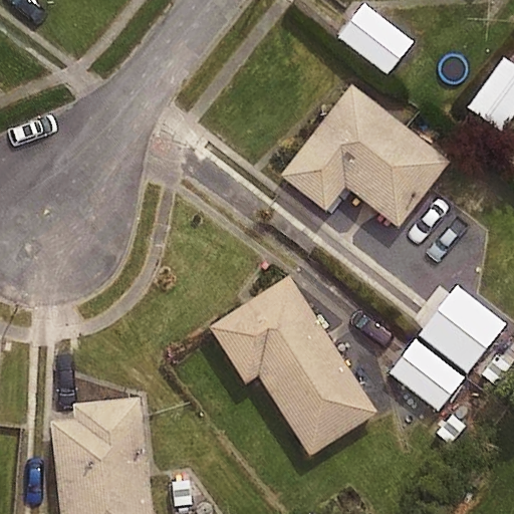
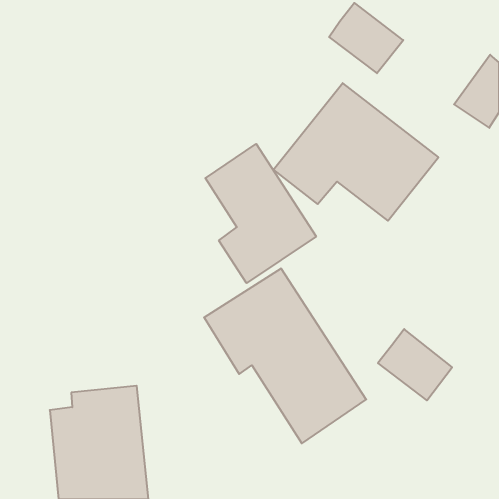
building: none -> [205,144,316,283]
building: [419,285,507,373] -> none

